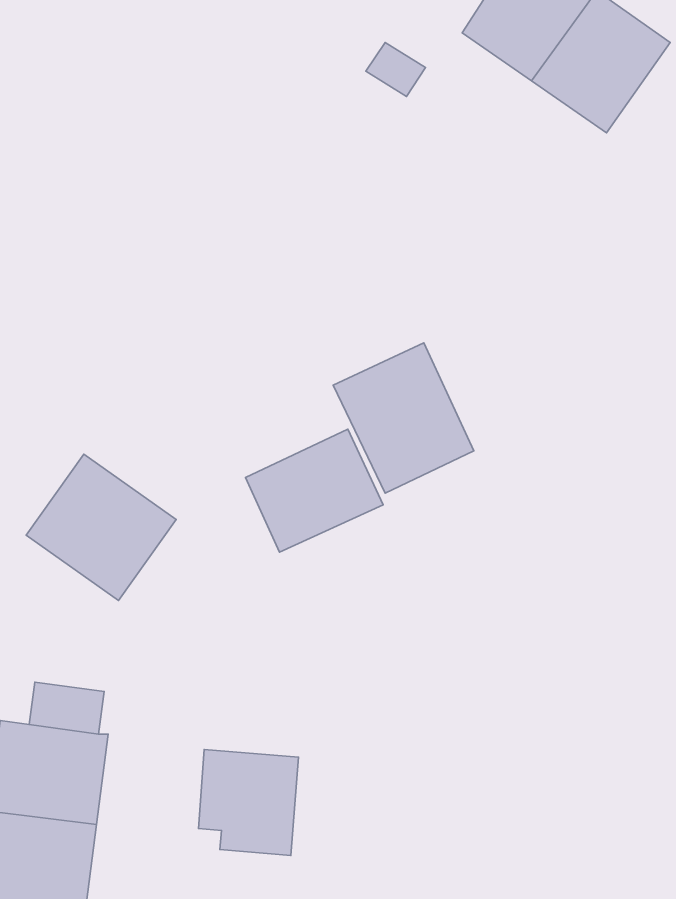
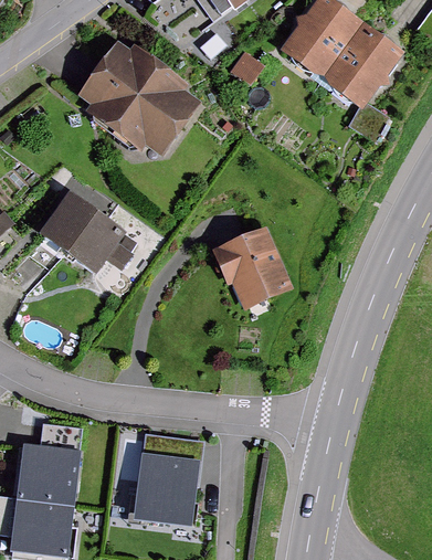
building: none -> [75,49,194,154]
building: [245,429,383,552] -> none
building: [26,454,176,601] -> [38,193,124,277]

